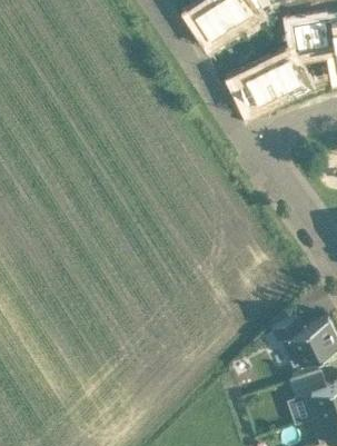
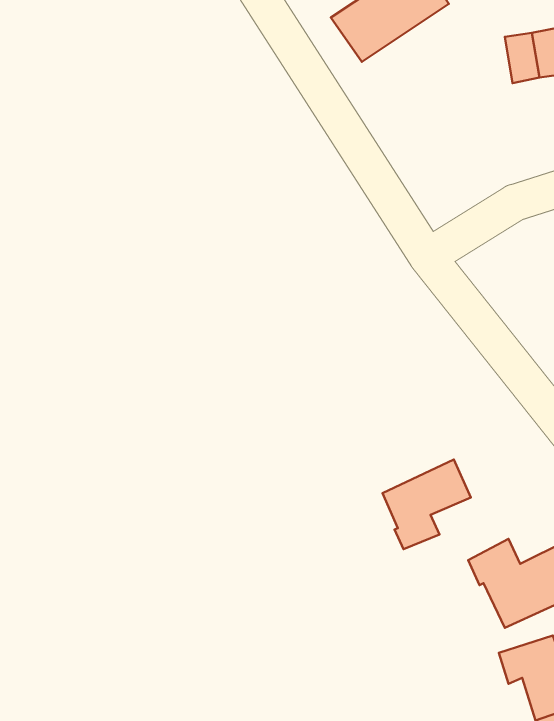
building: [238,57,303,107] -> none
building: none -> [382,460,471,549]

